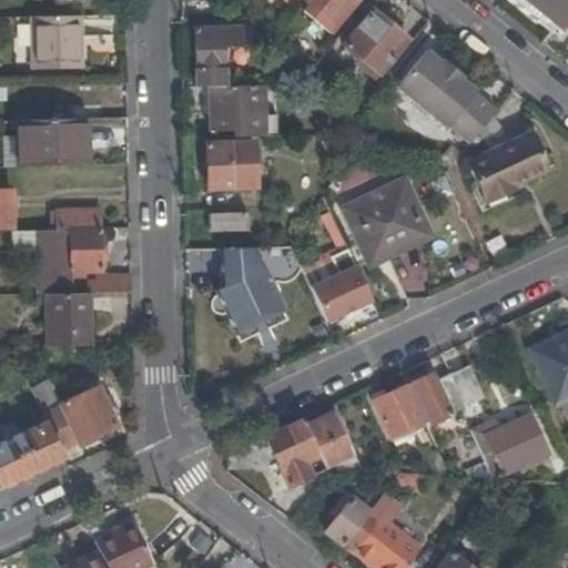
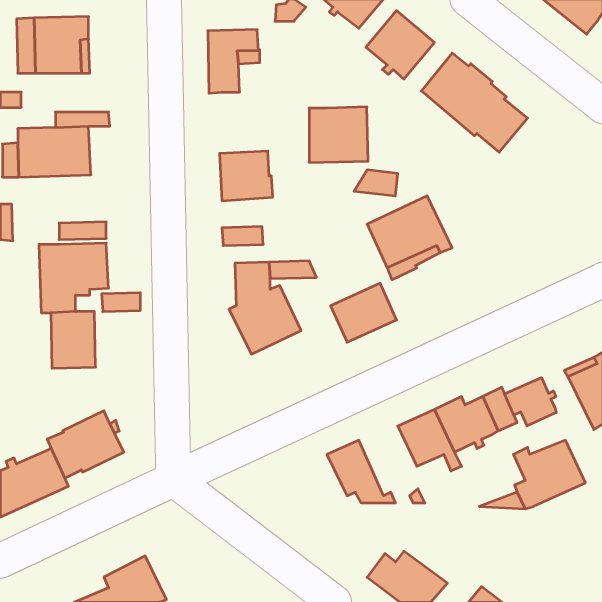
building: [210,85,265,138] -> [309,107,368,162]
building: [468,133,547,201] -> none
building: none -> [505,378,556,426]
building: [267,418,322,486] -> none
building: [327,494,371,545] -> none

